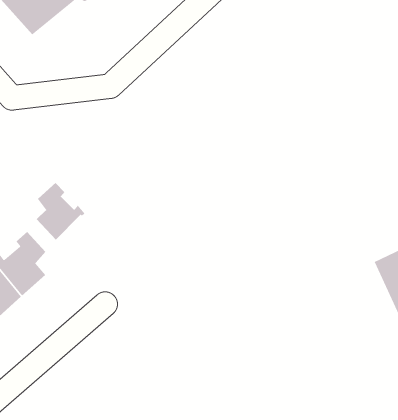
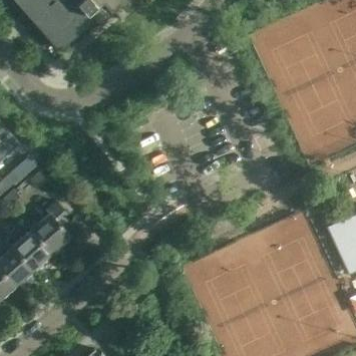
building: [36,182,85,241] -> none

